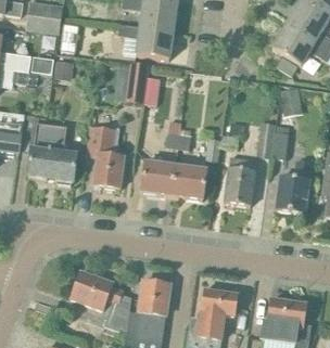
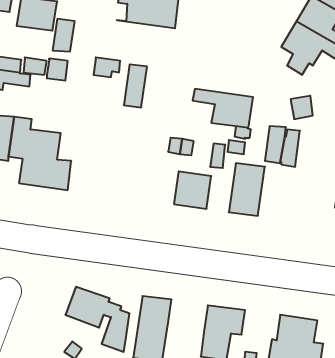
building: [116,24,173,60] -> [193,89,253,127]
building: [86,126,124,189] -> none
building: [275,160,312,214] -> none
building: [140,162,176,195] -> none

